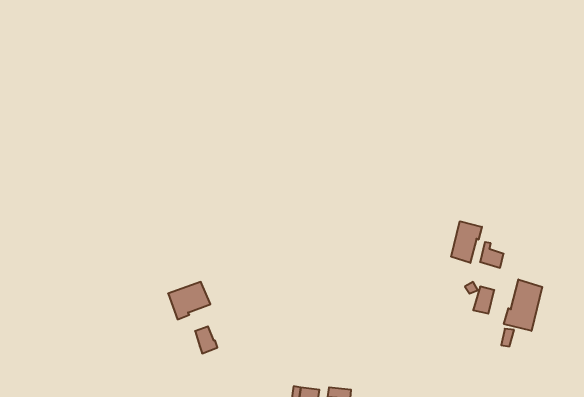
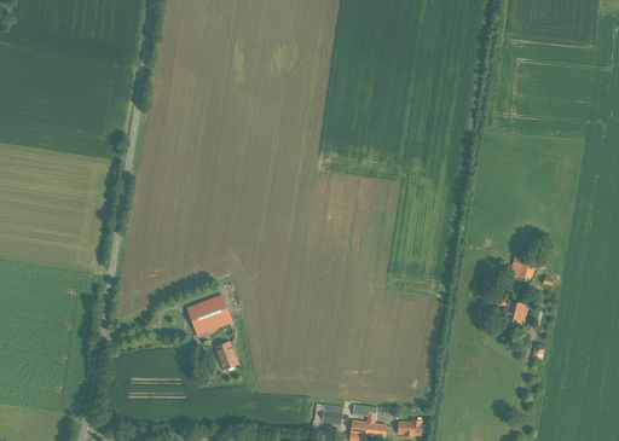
building: [451,221,482,263] -> none
building: [504,279,542,331] -> none

